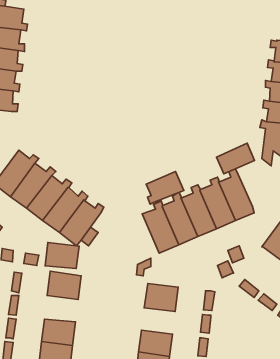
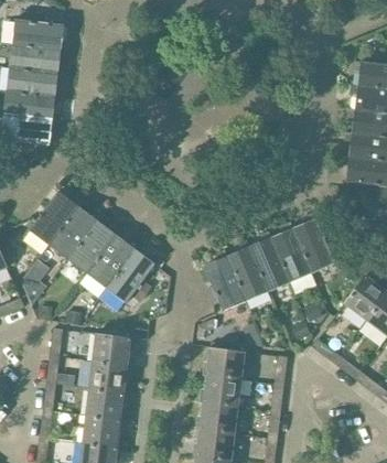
building: [216,143,255,174] -> none
building: [146,171,184,204] -> none
building: [45,242,79,269] -> [88,360,128,391]
building: none -> [202,375,241,406]

